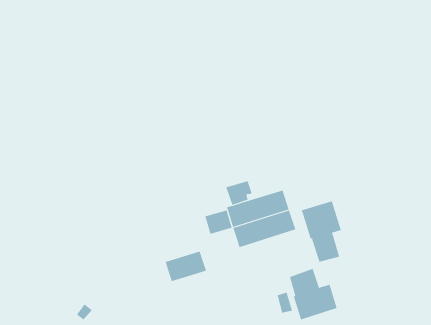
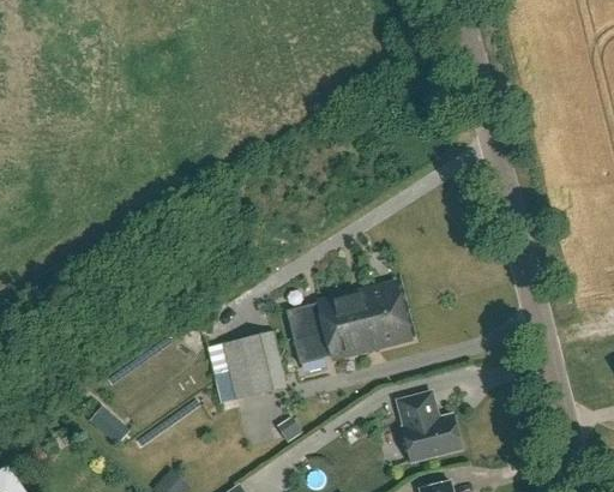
building: [226,181,252,205] -> [293,330,329,362]
building: [301,201,341,262] -> none
building: none -> [222,330,278,371]

